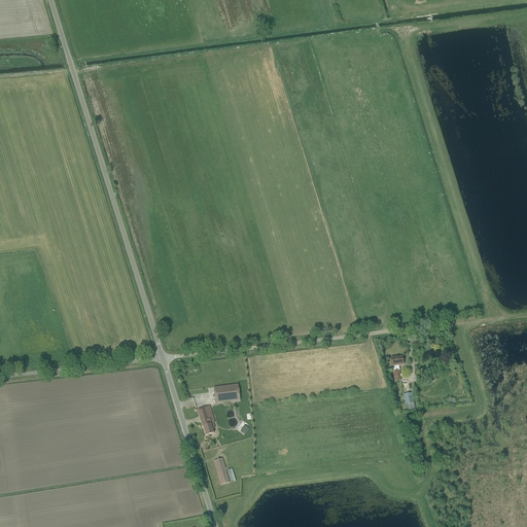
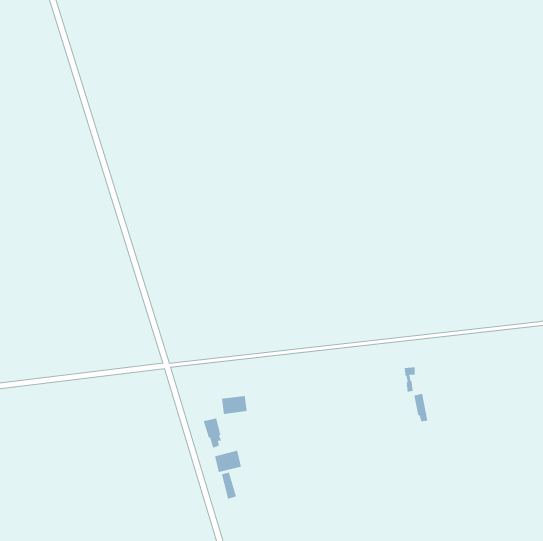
building: none -> [214,450,242,473]

